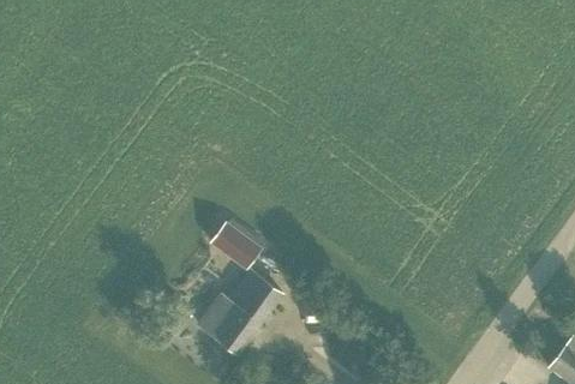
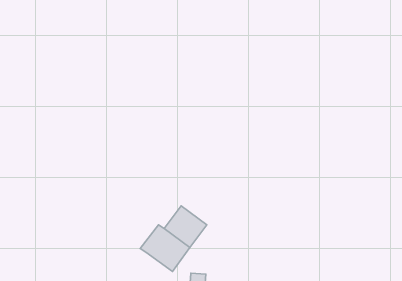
building: [210,222,263,270] -> none

